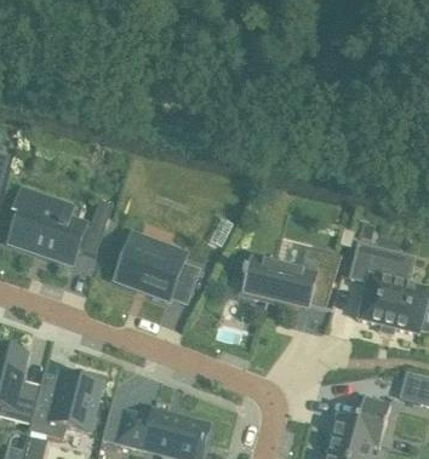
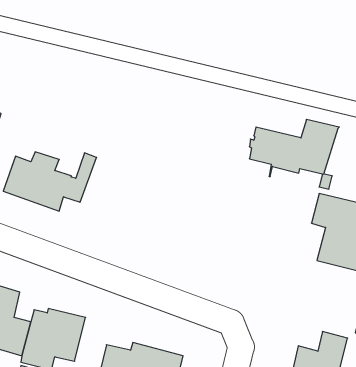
building: [115,235,200,299] -> none
building: [241,246,341,309] -> [249,119,339,176]

